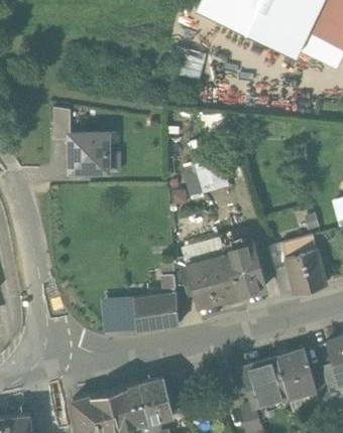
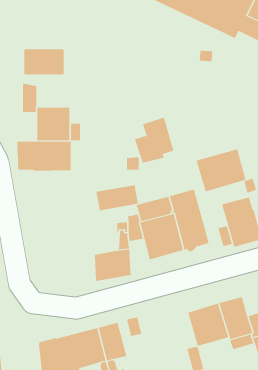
building: none -> [24,48,64,75]
building: none -> [17,141,71,171]
building: none -> [196,149,246,193]
building: none -> [96,184,139,211]
building: [104,301,136,333] -> none

